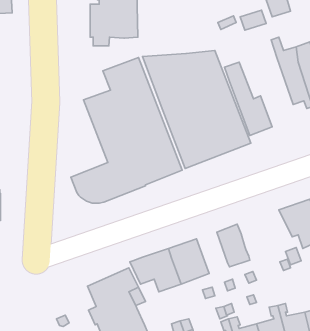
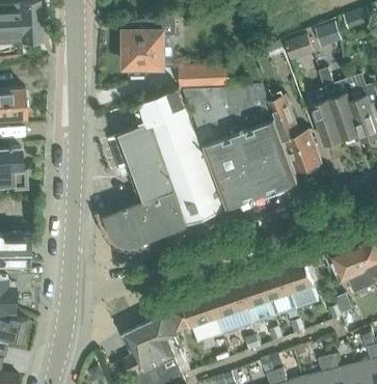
building: none -> [178,64,227,86]
building: none -> [308,89,343,145]
building: none -> [282,263,315,307]
building: none -> [239,277,274,322]

